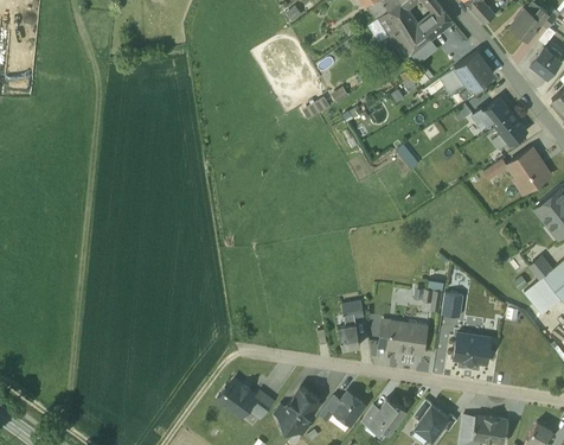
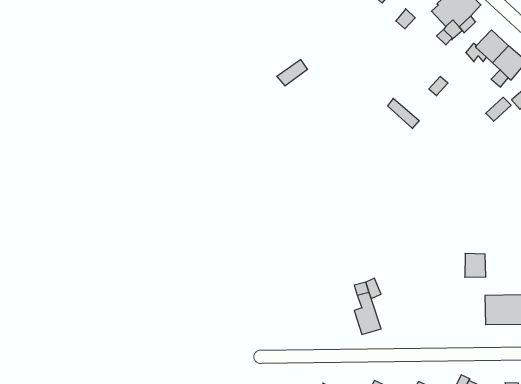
building: [378,322,425,355] -> none

